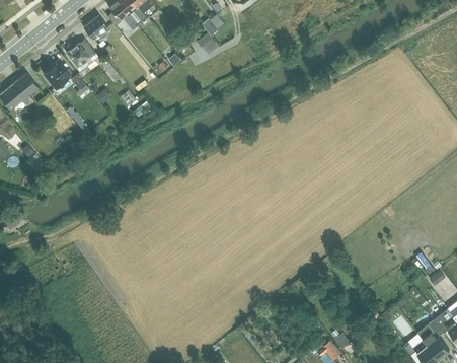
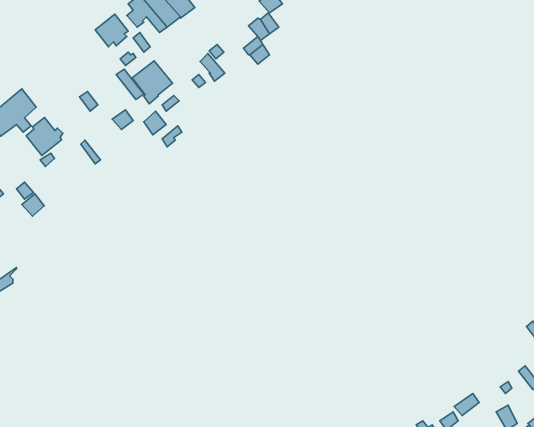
building: [67,39,98,72] -> [132,61,173,104]
building: [44,59,72,88] -> [26,118,63,156]

